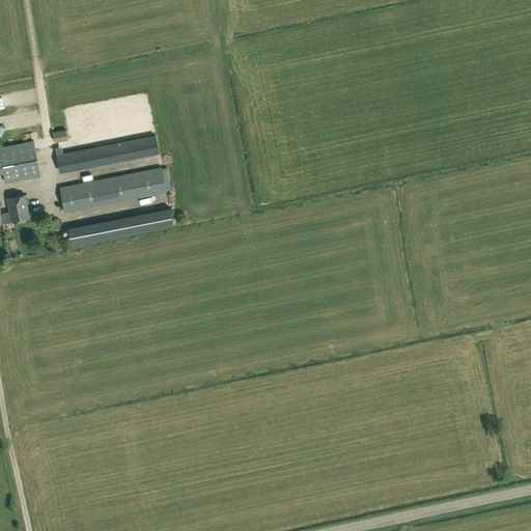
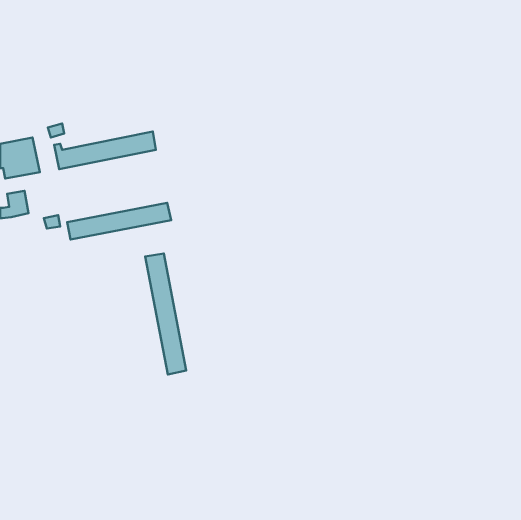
building: [60,168,167,213] -> none
building: none -> [145,254,186,374]

